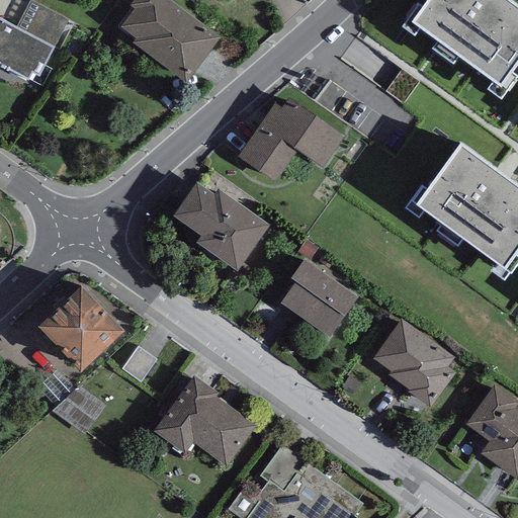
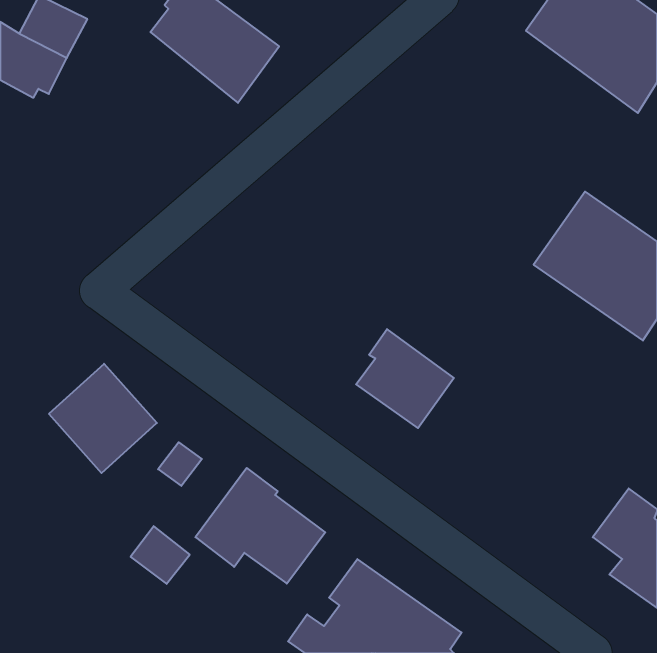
building: [239,97,345,182] -> none
building: [174,184,269,271] -> none
building: [373,318,455,406] -> none
building: [57,384,103,430] -> [131,526,190,584]

